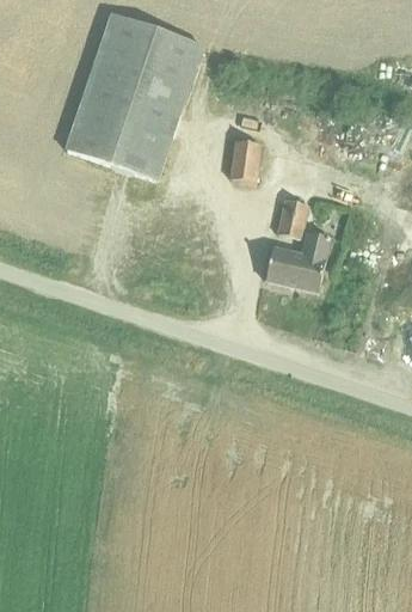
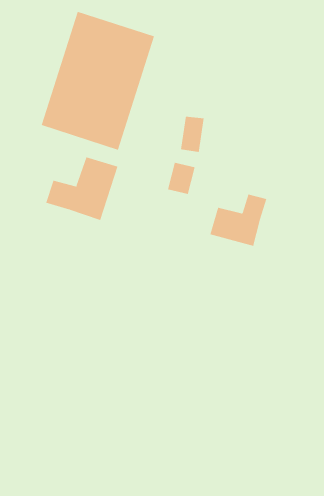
building: none -> [45,157,118,221]
building: [277,198,310,237] -> [167,162,196,194]

